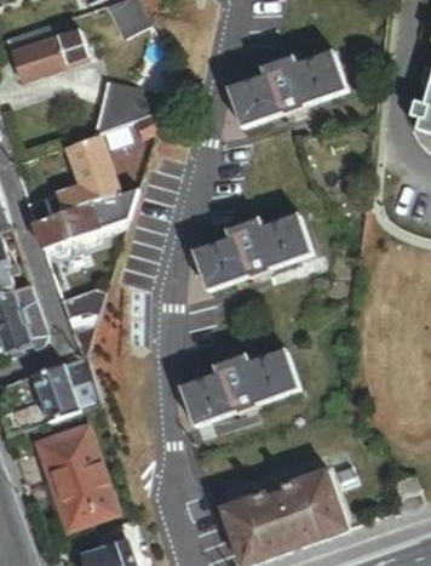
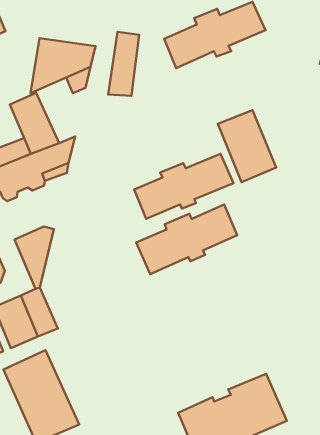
building: none -> [108,32,139,96]
building: none -> [218,110,276,182]
building: [182,348,295,419] -> [136,205,237,274]

